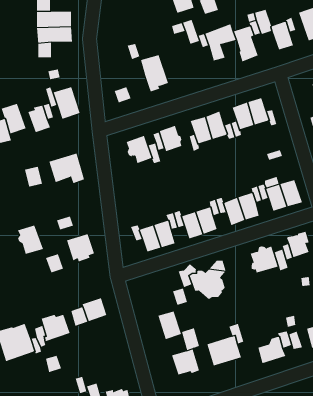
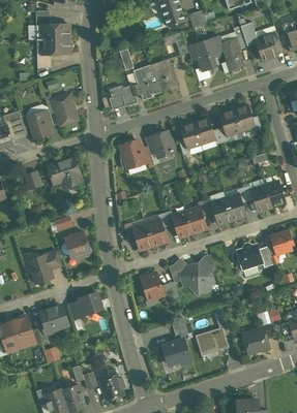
building: none -> [151,59,179,92]
building: none -> [110,85,141,106]
building: [17,225,44,255] -> [28,255,53,283]
building: [157,311,182,340] -> [141,274,164,300]

